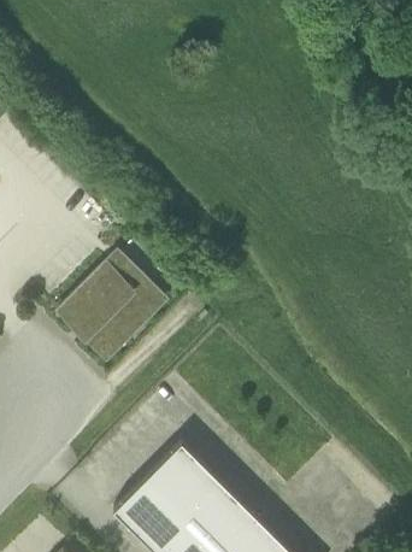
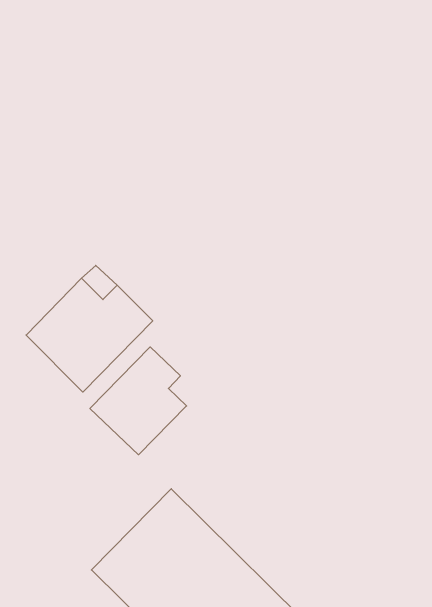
building: none -> [90,347,187,455]

